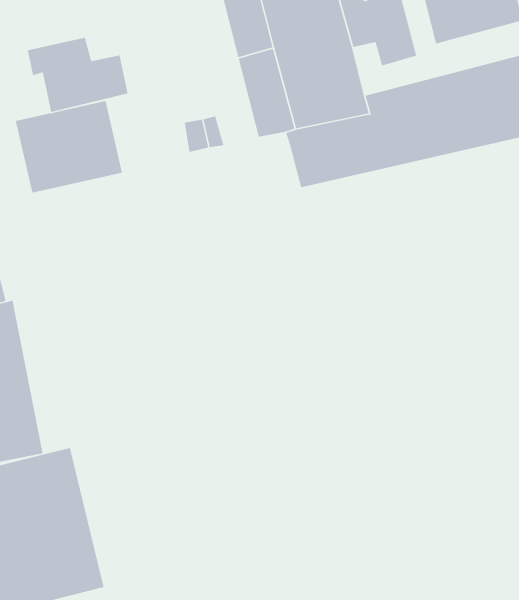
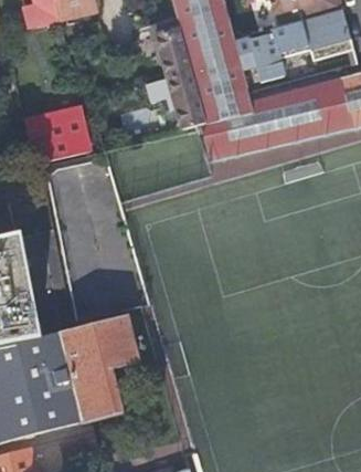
building: [27,37,129,113] -> none
building: none -> [57,314,139,422]

